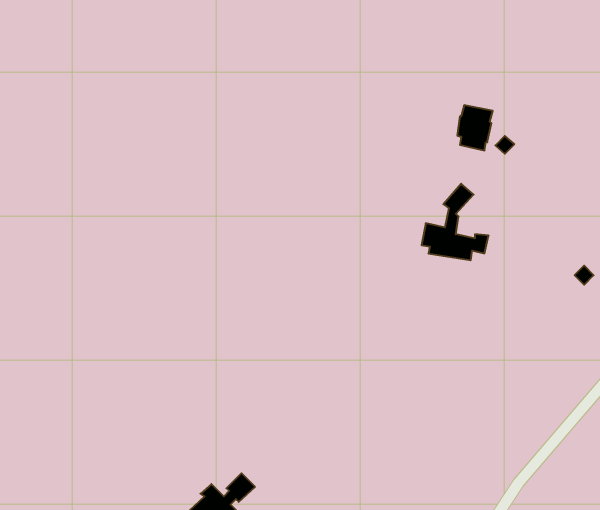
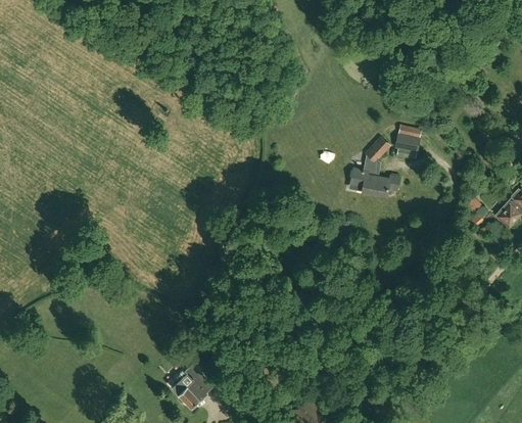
building: [457,105,493,150] -> [395,126,422,159]

